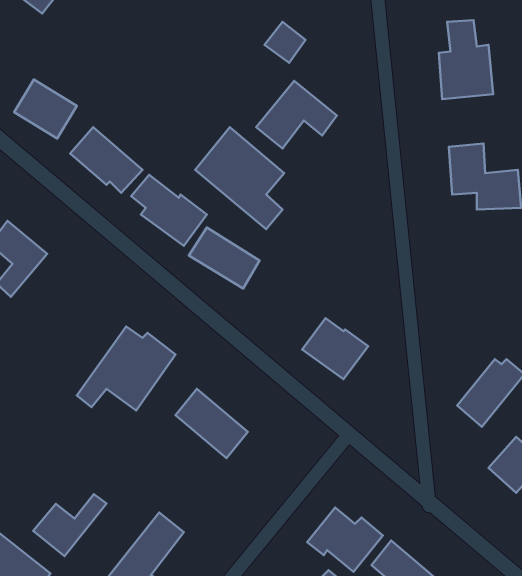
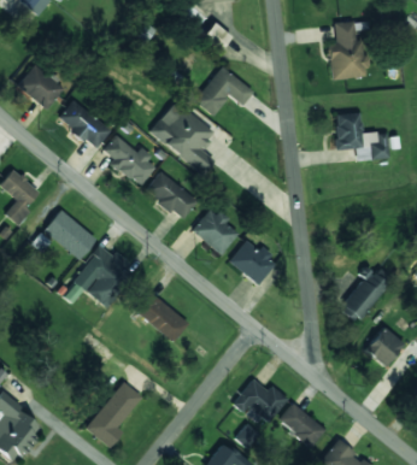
building: none -> [192,207,241,254]
building: none -> [43,210,96,259]
building: [33,494,107,556] -> none

